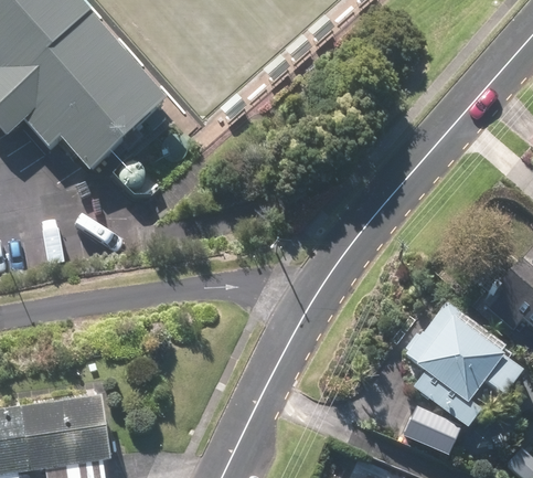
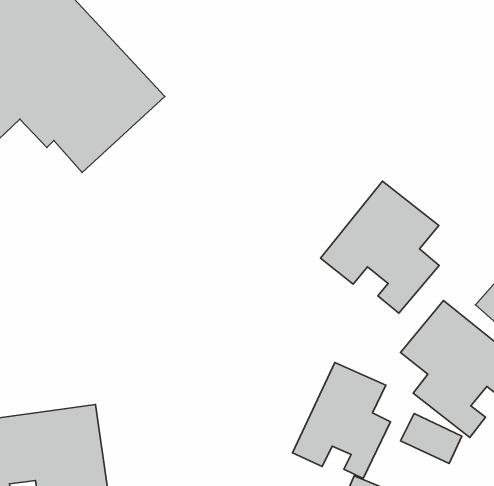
building: none -> [320,181,439,313]
building: none -> [293,362,391,479]

